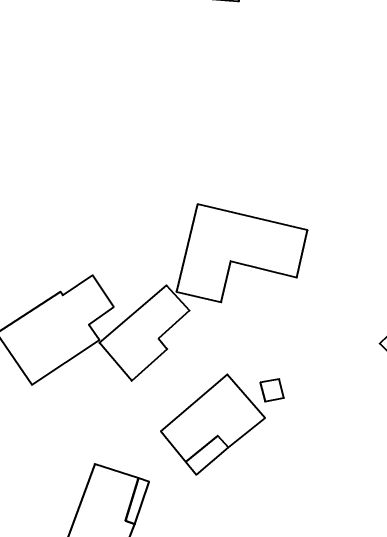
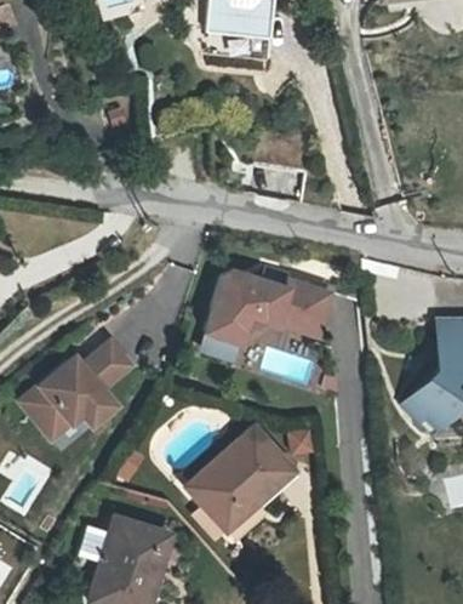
building: [99,285,190,381] -> none

